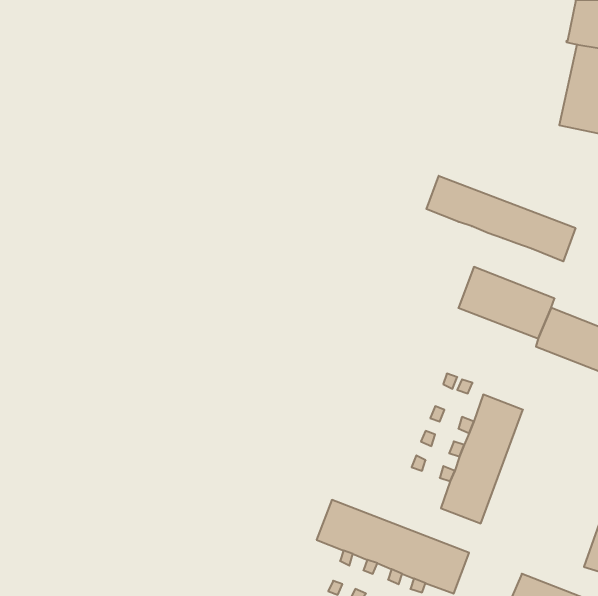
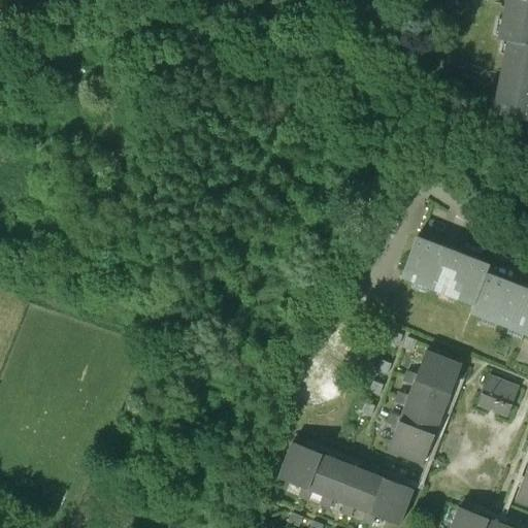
building: [426,176,575,261] -> none
building: none -> [478,376,518,417]

